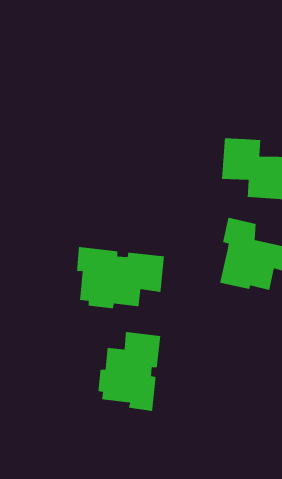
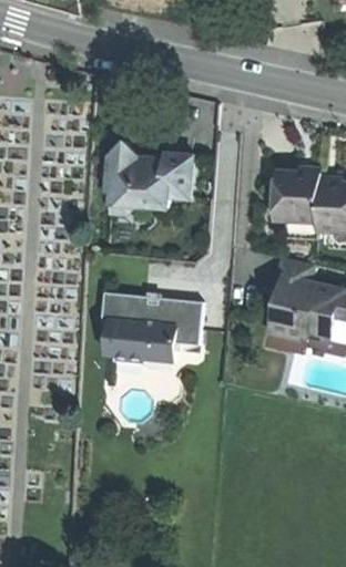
building: none -> [102,141,187,215]
building: [97,331,161,412] -> none

